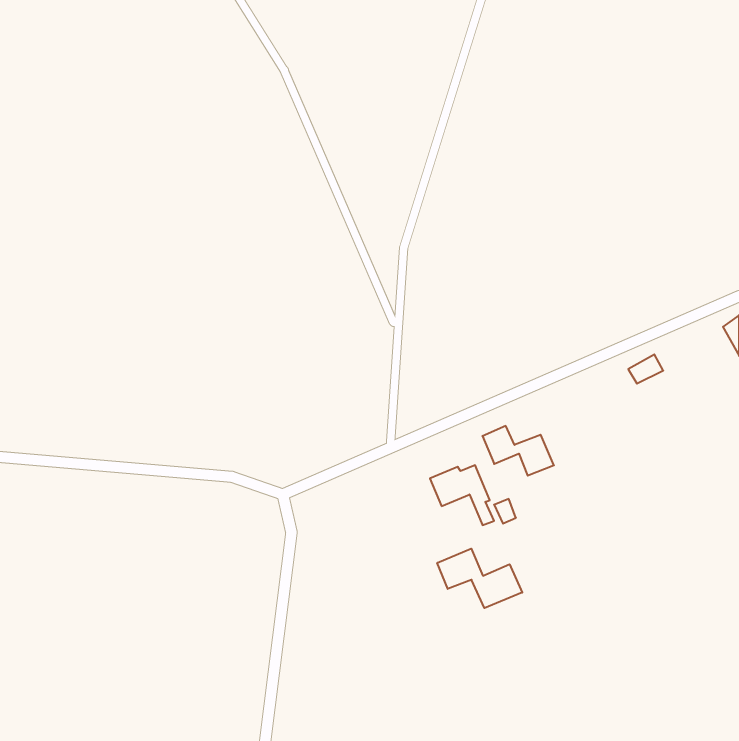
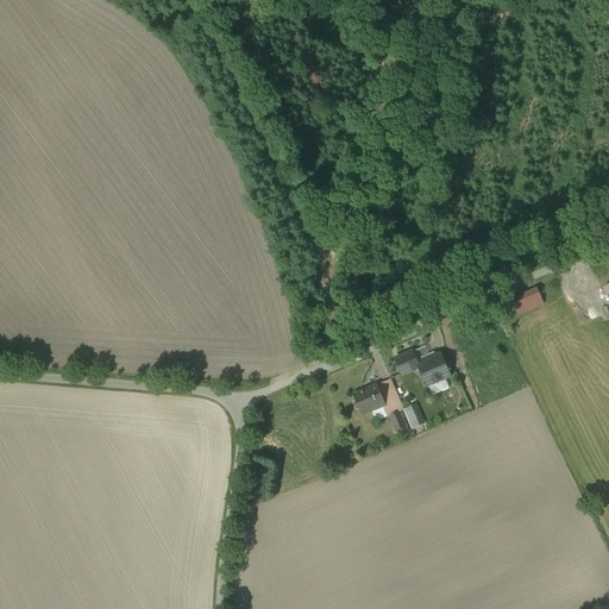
building: [437,549,522,608] -> none

